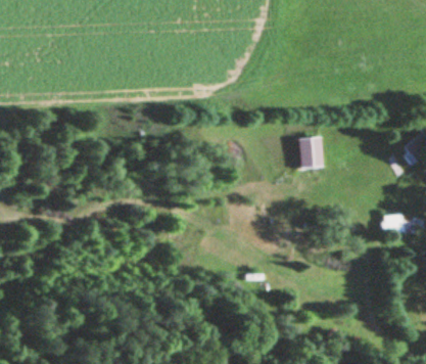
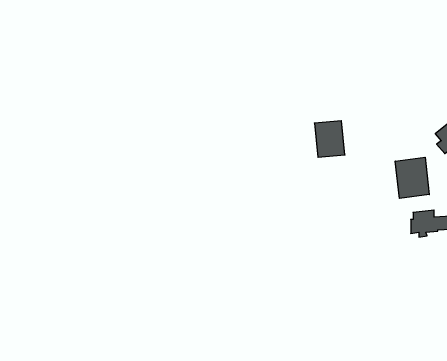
building: none -> [395,157,429,198]

